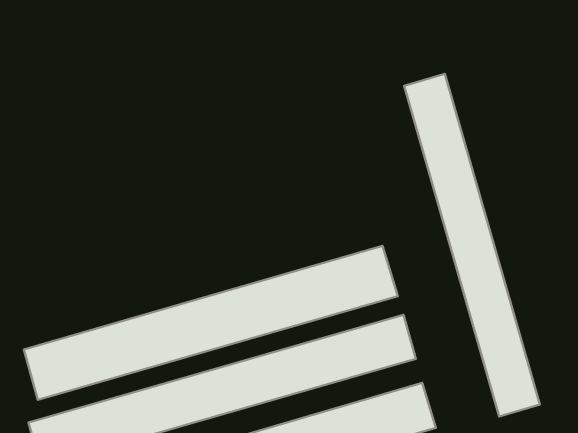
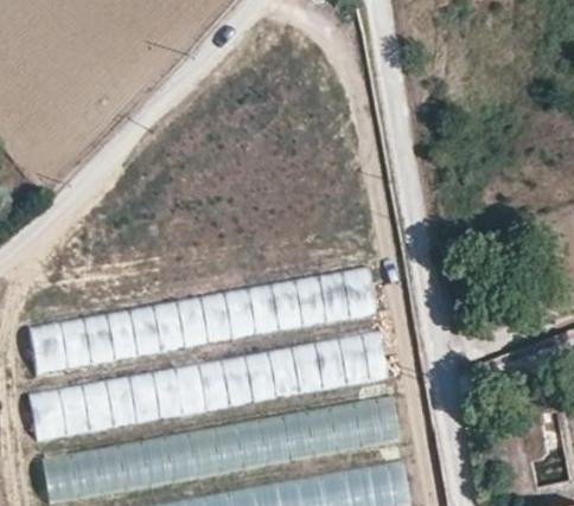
building: [404,74,540,417] -> none

